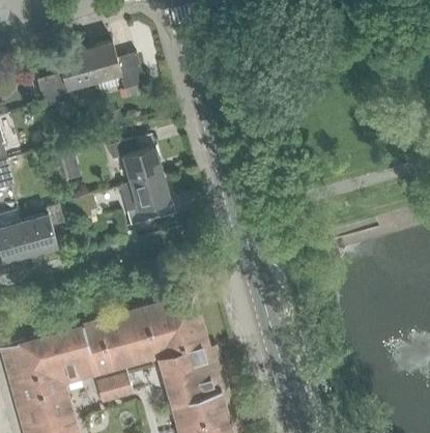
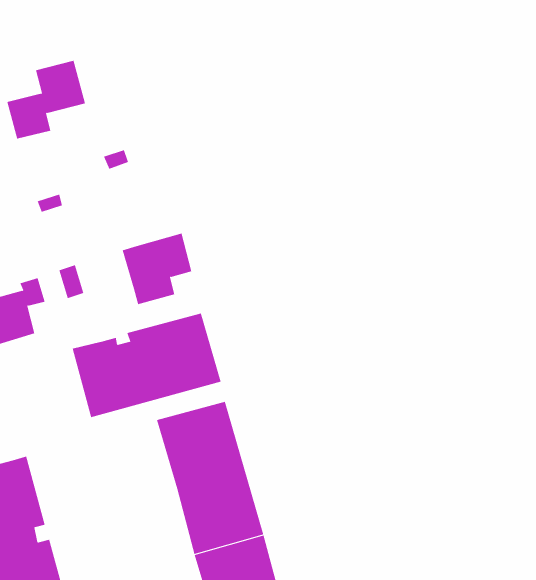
building: [84,41,146,97] -> none
building: [108,138,162,182] -> none
building: [50,308,157,383] -> [72,313,222,418]
building: [97,373,132,402] -> none

